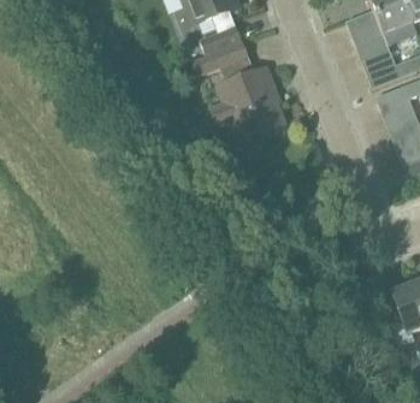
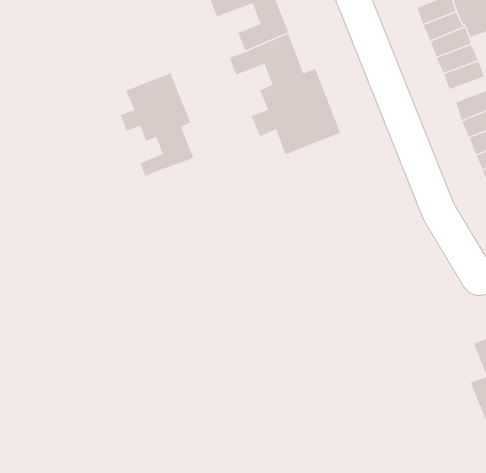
building: none -> [120,72,195,177]

